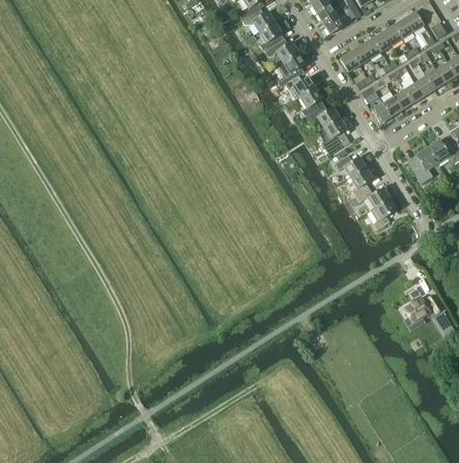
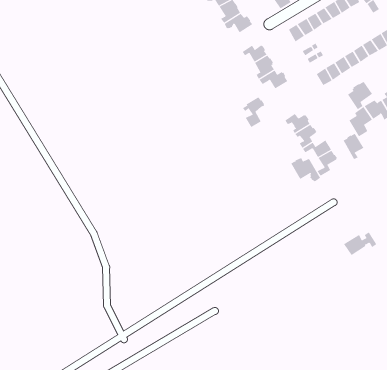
building: [279,51,306,84] -> none
building: none -> [347,81,373,110]
building: [319,117,346,154] -> [242,97,265,128]
building: none -> [343,133,364,160]
building: none -> [290,157,321,182]

